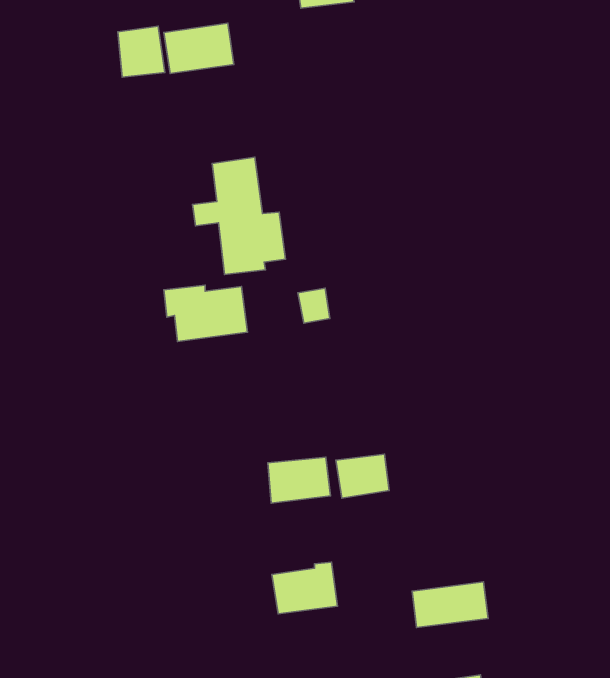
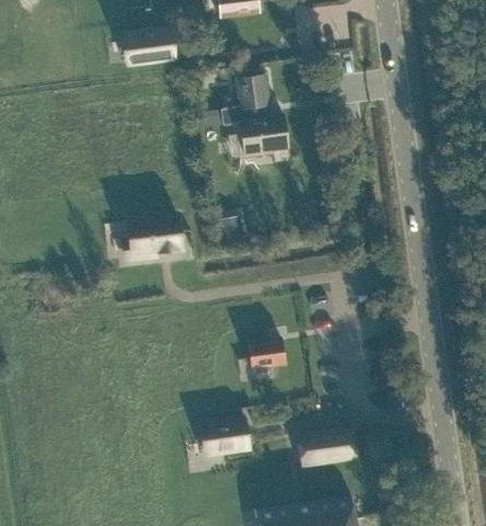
building: [118,26,165,77] -> none
building: [193,157,285,274] -> [220,76,287,160]
building: [268,457,330,503] -> none

